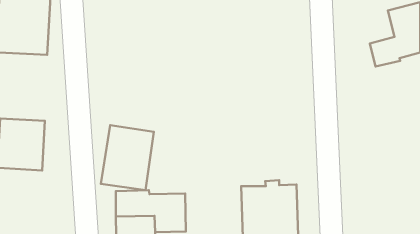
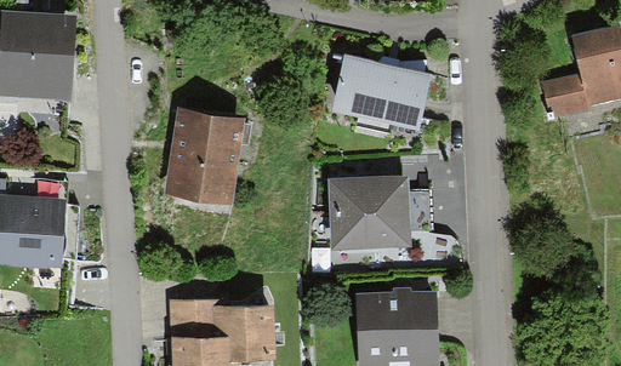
building: none -> [331,53,434,128]
building: none -> [331,177,411,250]
building: [101,125,154,190] -> [164,108,241,204]

